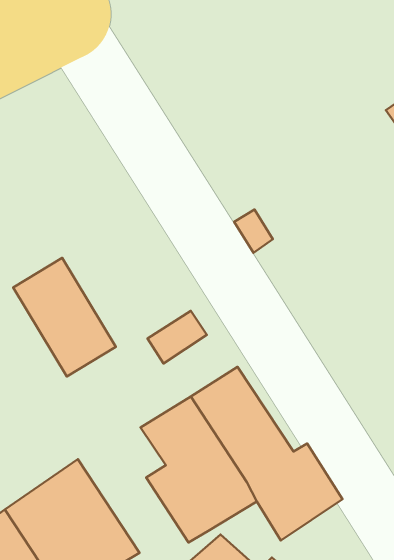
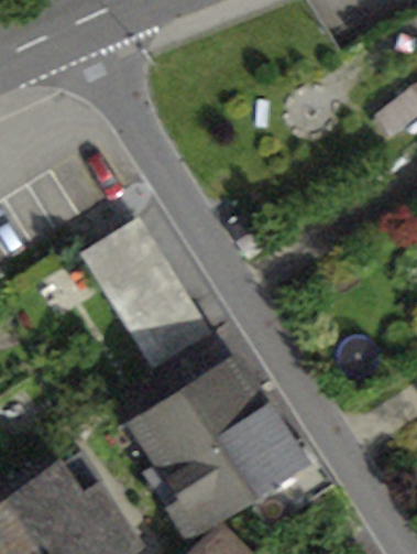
building: [13,258,116,376] -> [80,222,179,337]

